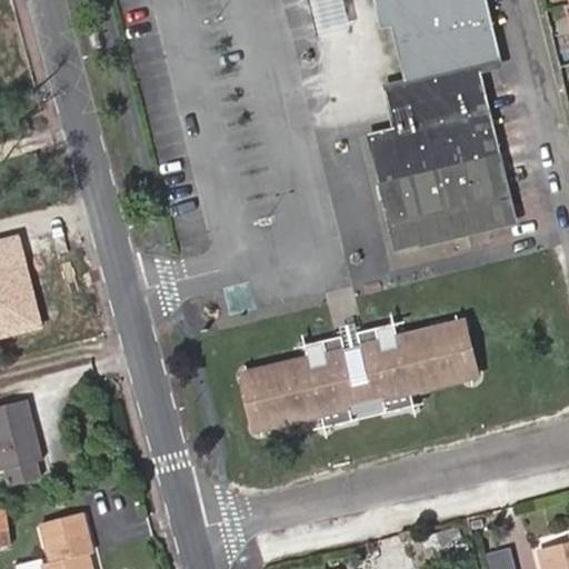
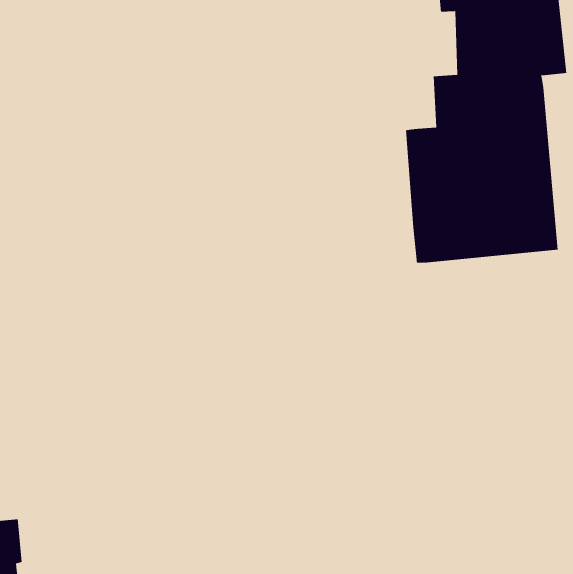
building: [251,315,476,430] -> none

